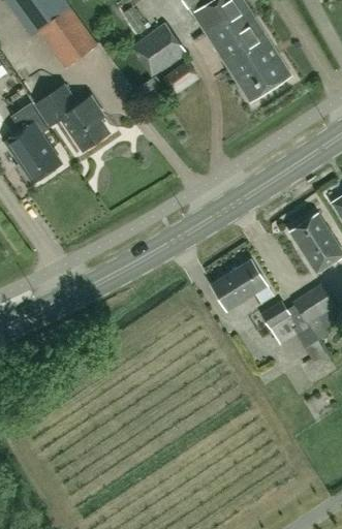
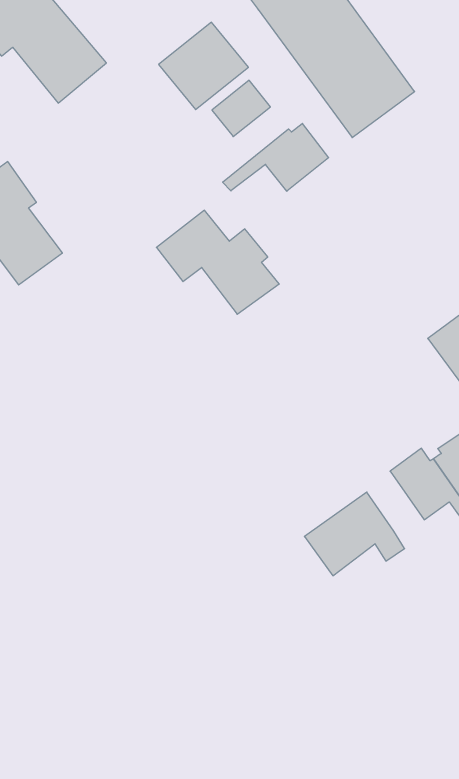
building: [33,83,110,150] -> [156,210,279,314]
building: none -> [223,123,329,191]
building: [210,259,273,311] -> [304,492,405,576]

